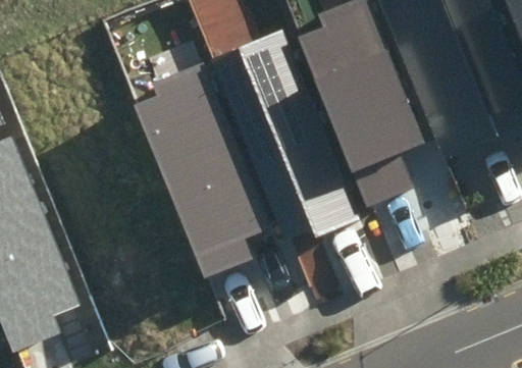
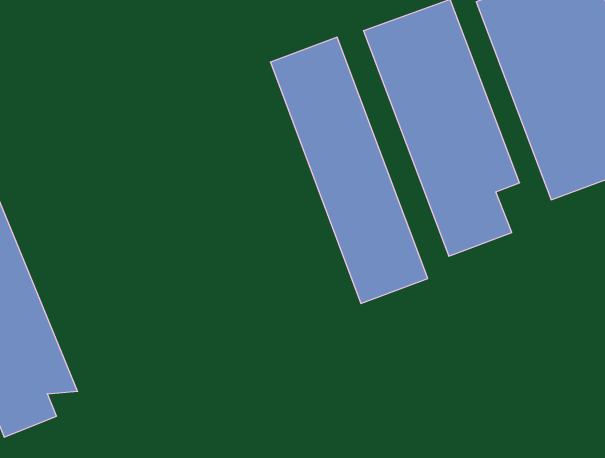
building: [138,73,262,273] -> none

